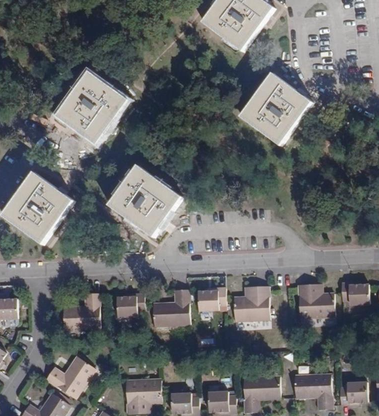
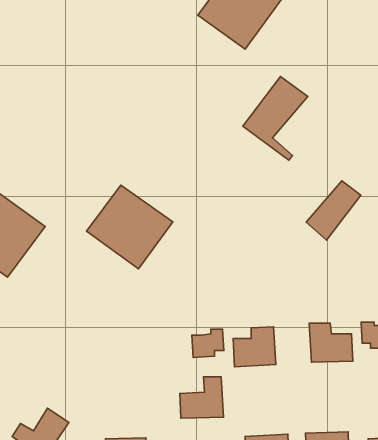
building: [58,72,129,144] -> none
building: [266,91,312,141] -> [306,181,361,240]
building: [152,290,189,325] -> [180,377,223,418]
building: [62,291,99,326] -> none
building: [116,293,144,316] -> none

